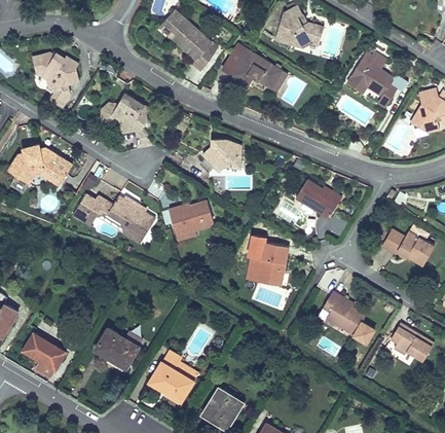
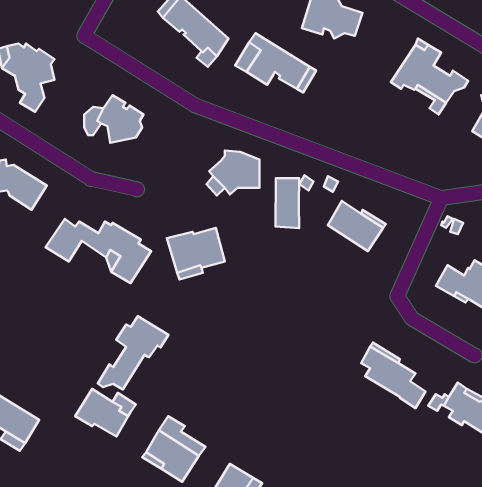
building: none -> [275,178,299,228]
building: [246,242,290,285] -> none
building: none -> [98,316,168,390]

